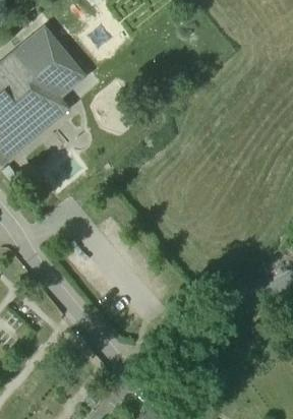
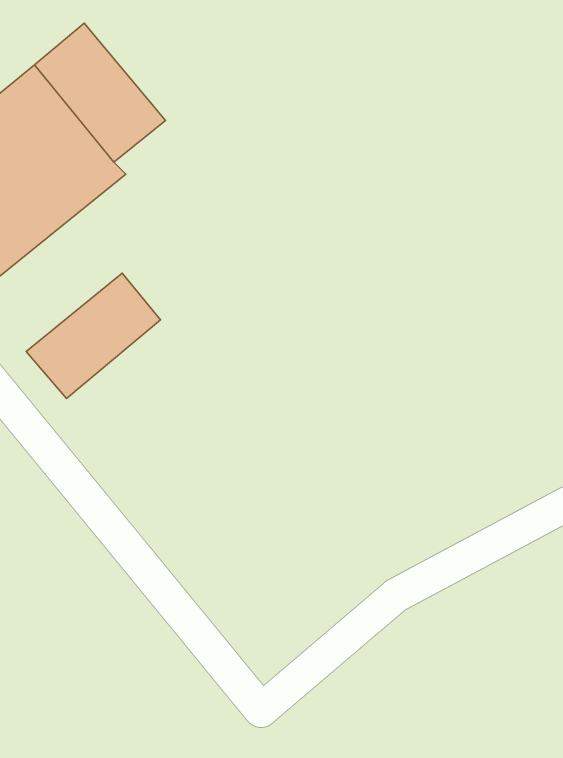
building: none -> [26,273,160,399]

